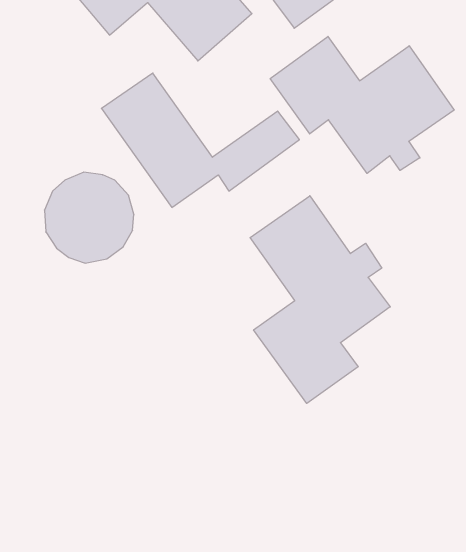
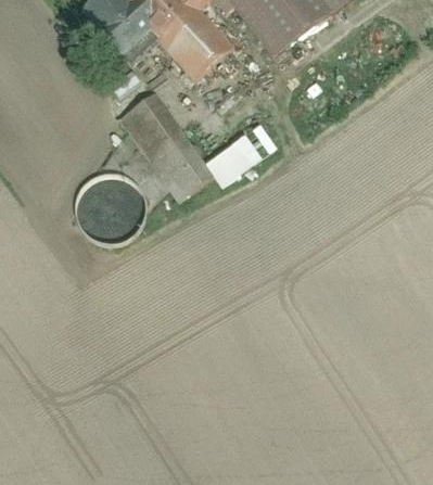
building: [270,36,454,173] -> none
building: [250,196,390,403] -> none

